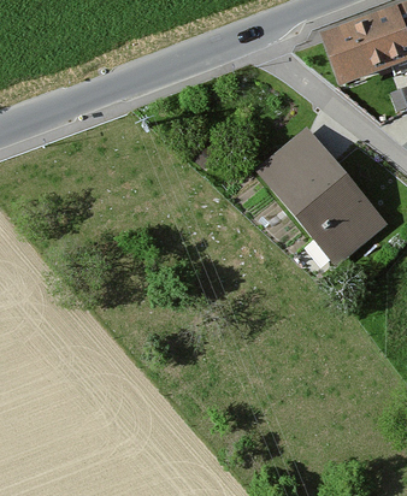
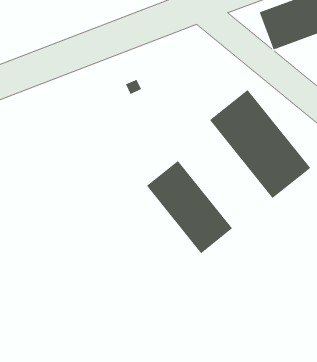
building: none -> [146,160,233,254]

